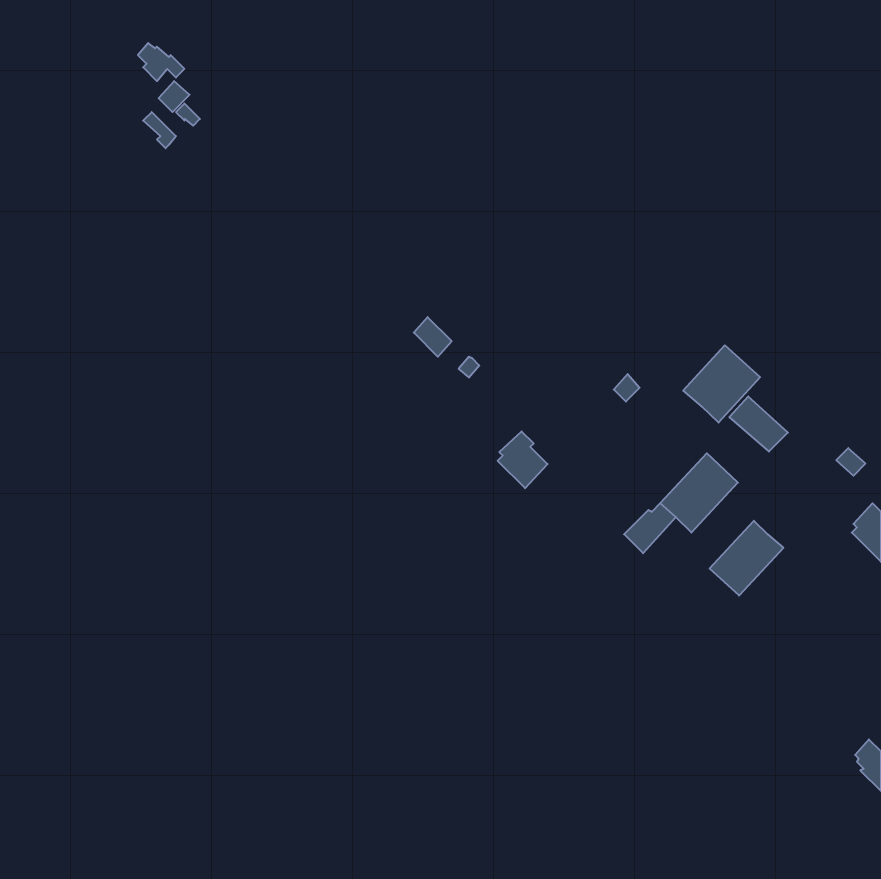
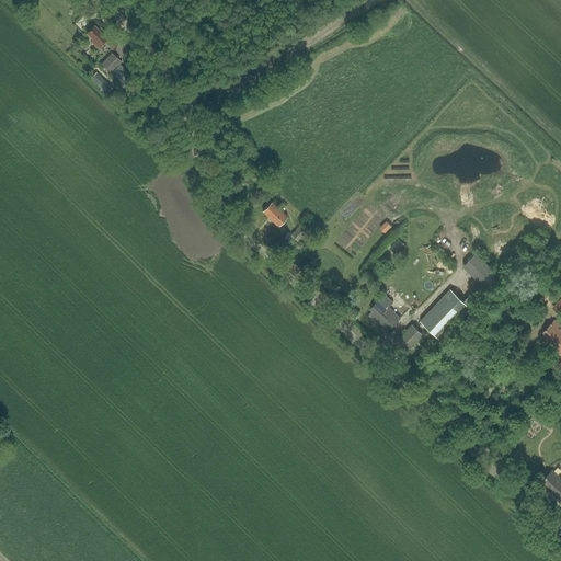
building: [683,345,760,423] -> none
building: [498,431,548,488] -> [369,295,401,331]
building: [710,521,783,596] -> none

